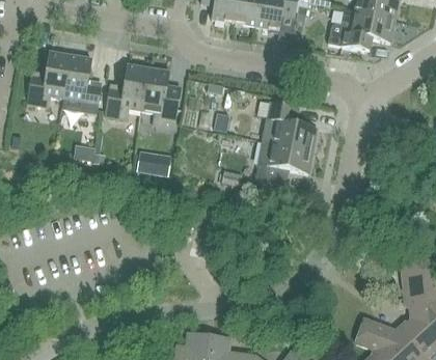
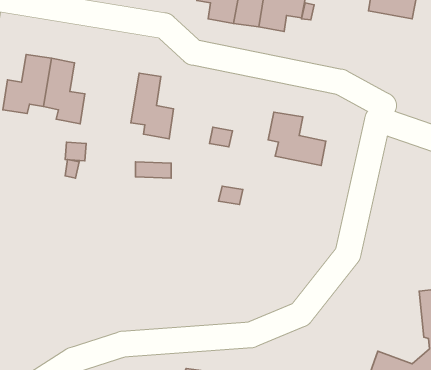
building: [329,10,394,50] -> none
building: [104,64,148,118] -> none
building: [253,141,312,186] -> none

